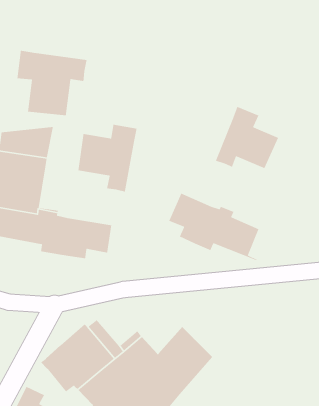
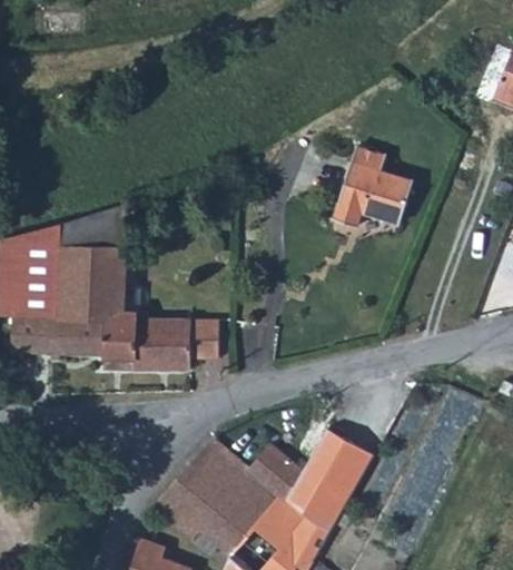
building: [16,50,88,116] -> none
building: [77,124,138,193] -> none
building: [168,192,260,261] -> none

